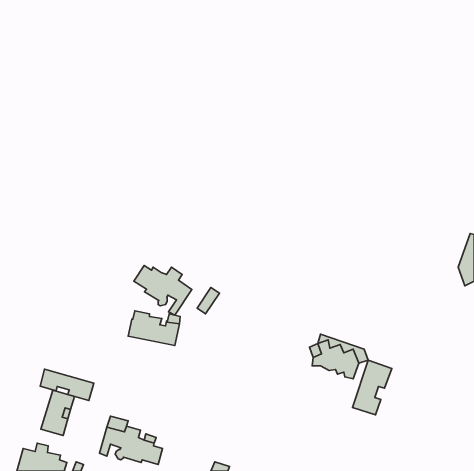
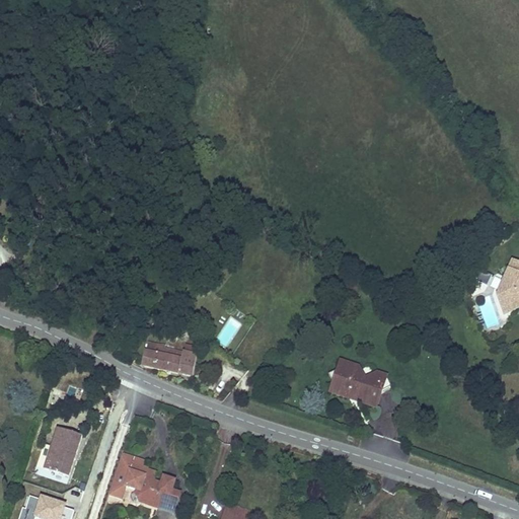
building: [134,266,192,315] -> none
building: [353,360,392,415] -> none
building: [40,369,94,401] -> none

